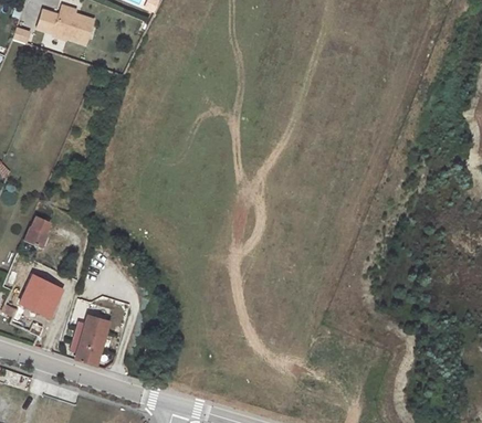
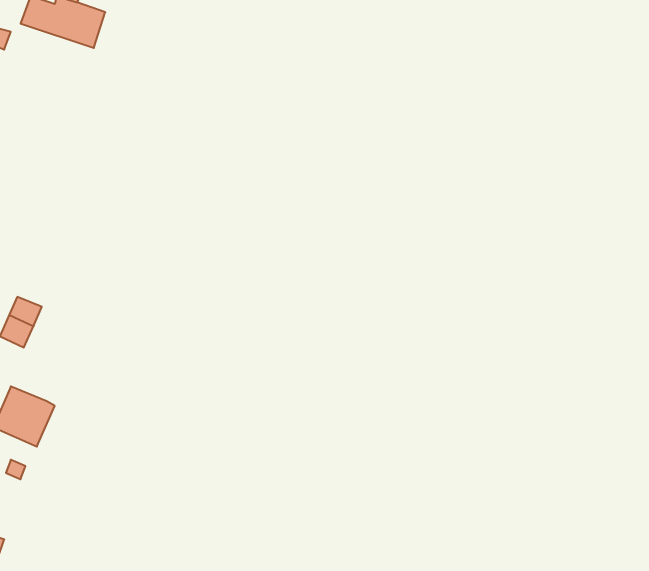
building: [67,319,106,368] -> none

